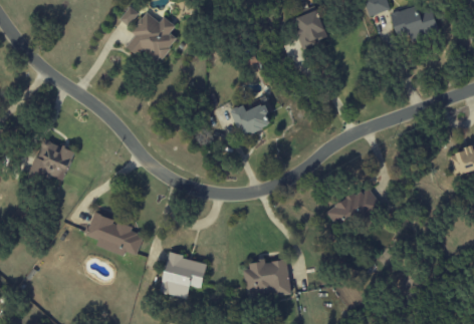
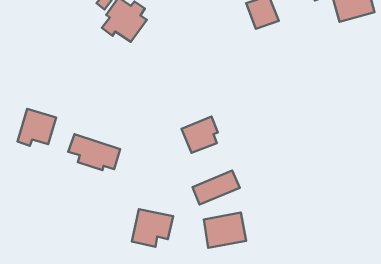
building: [230,95,271,136] -> [182,117,218,153]
building: [325,189,380,228] -> [192,170,240,205]
building: [84,215,144,256] -> [68,134,120,170]

